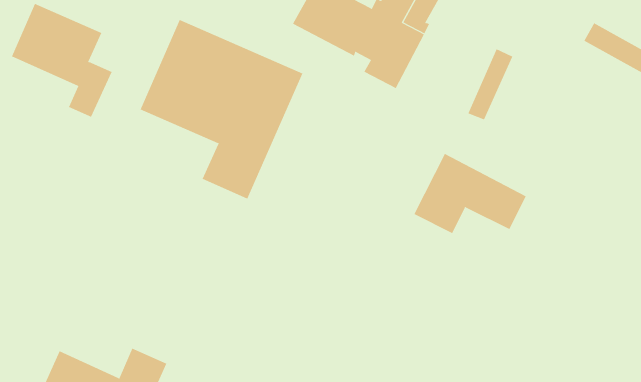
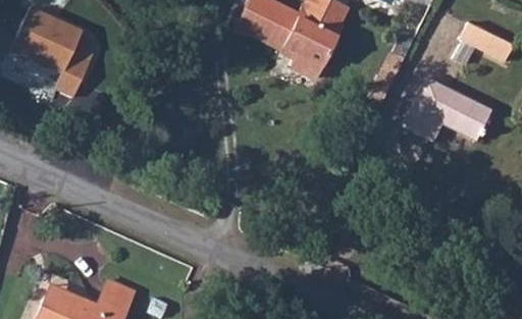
building: [140,19,303,199] -> none
building: [413,153,527,234] -> [404,76,492,140]

